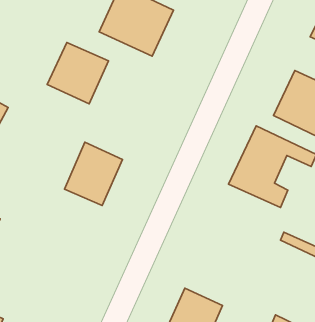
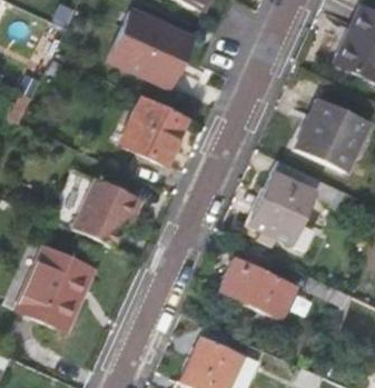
building: [47,42,109,104] -> [120,99,187,166]
building: none -> [223,246,296,321]
building: none -> [22,247,93,320]

